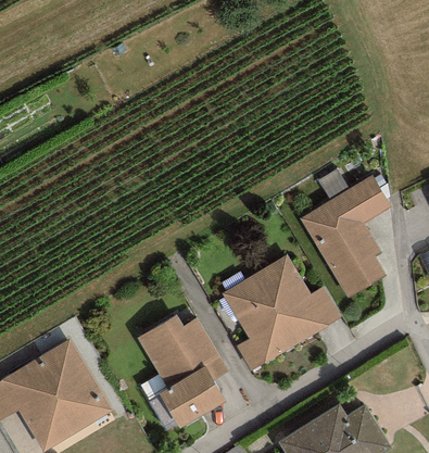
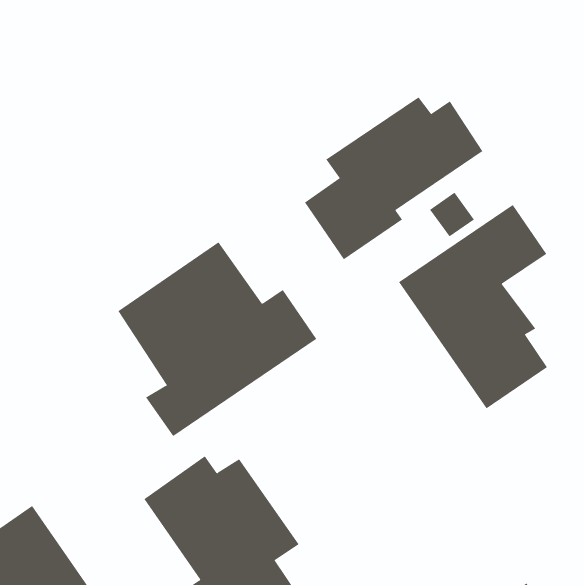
building: none -> [304,96,483,260]
building: [222,255,341,372] -> [118,241,317,437]

